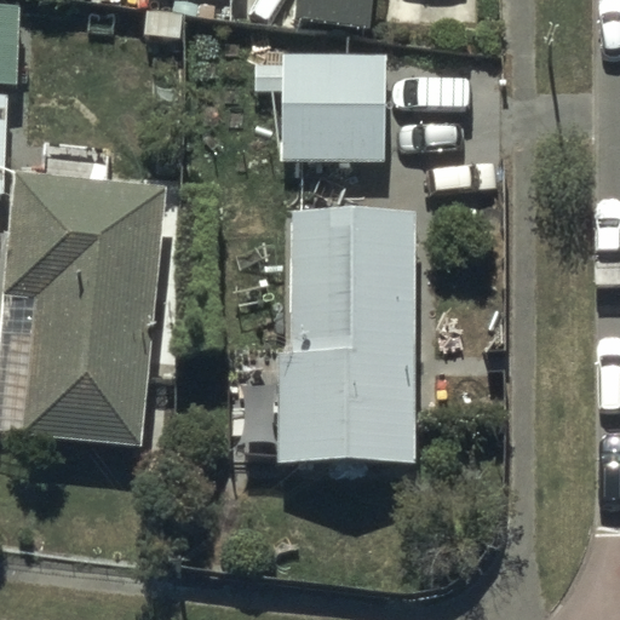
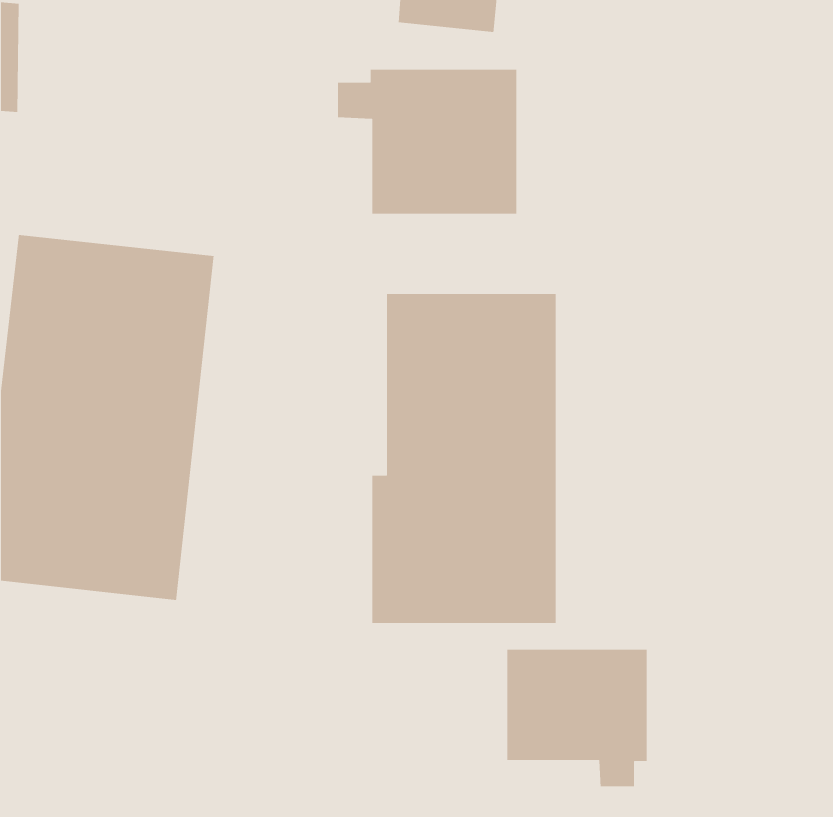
building: none -> [507,649,647,787]

